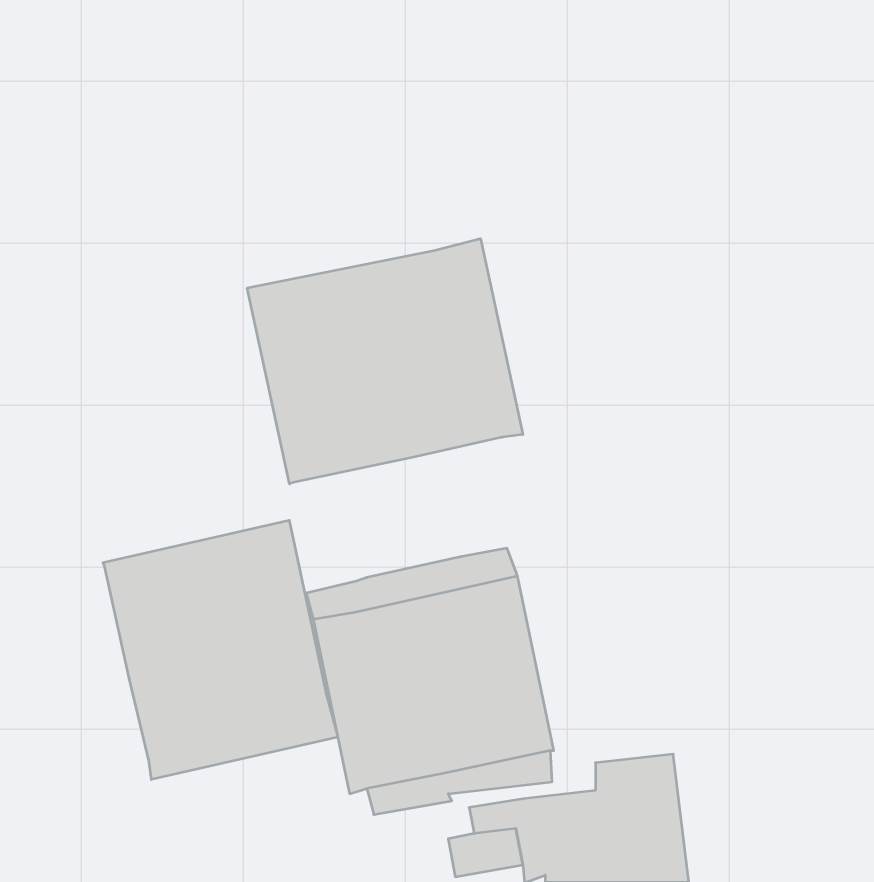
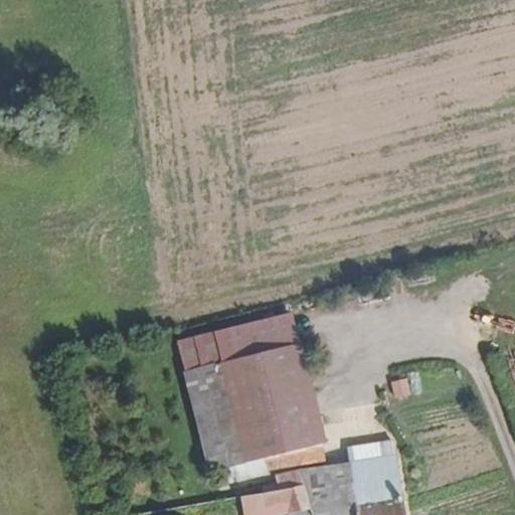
building: [247,239,523,484] -> none
building: [103,520,338,780] -> none

